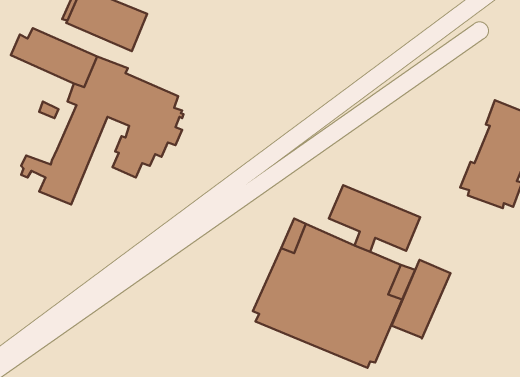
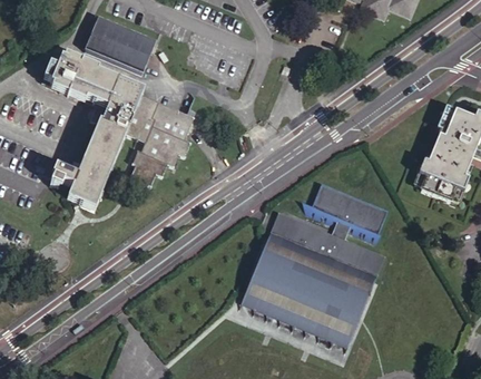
building: [392,260,450,338] -> none

